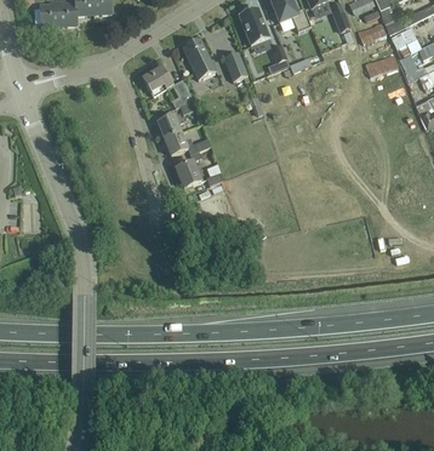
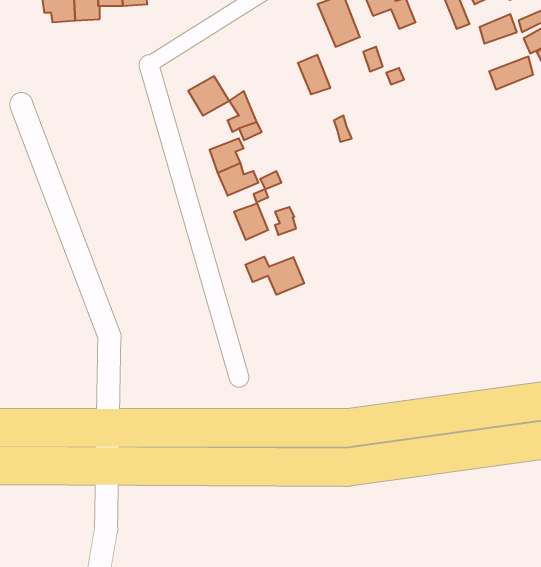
building: [182,36,216,78] -> none
building: none -> [245,257,304,295]

